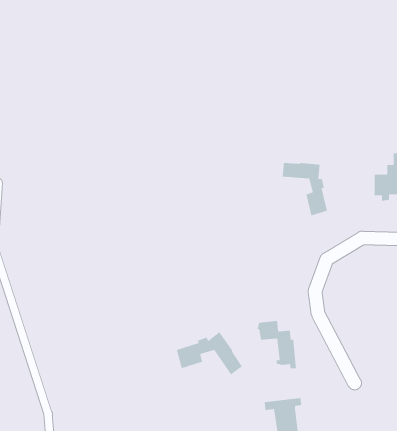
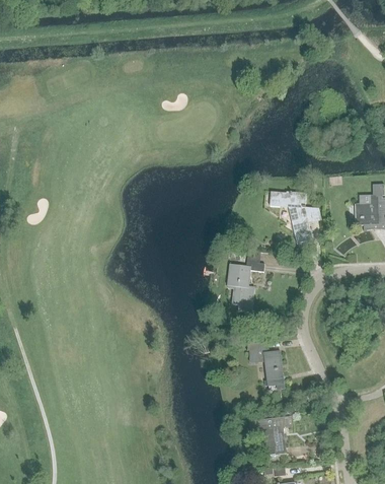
building: none -> [227,262,263,310]
building: [176,331,243,376] -> none

